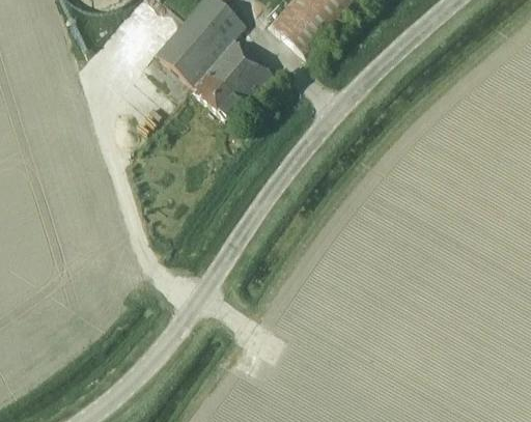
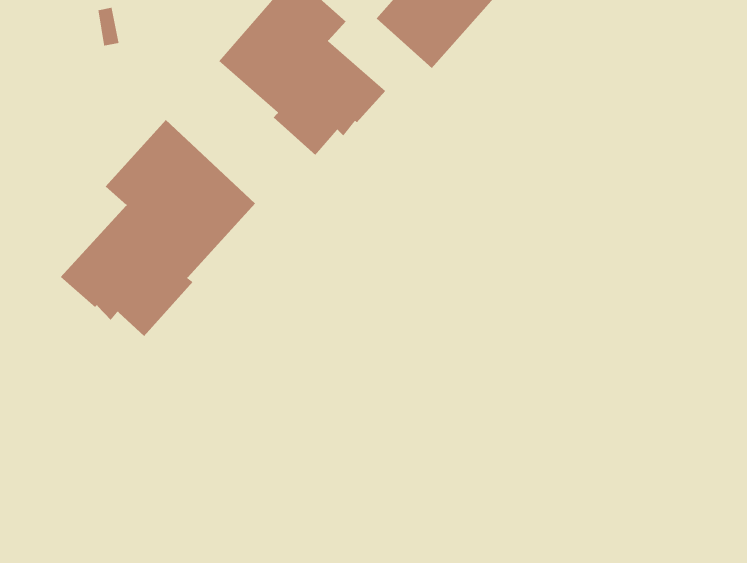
building: none -> [60,119,256,337]

